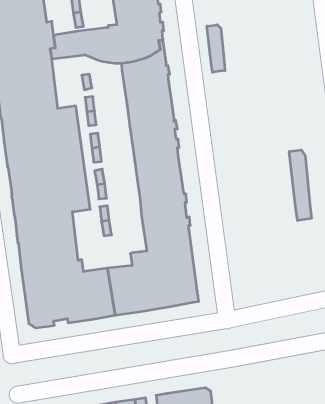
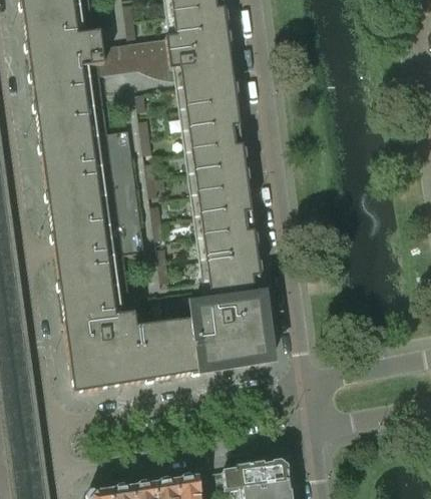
building: [207,25,225,72] -> none
building: [289,150,311,221] -> none

